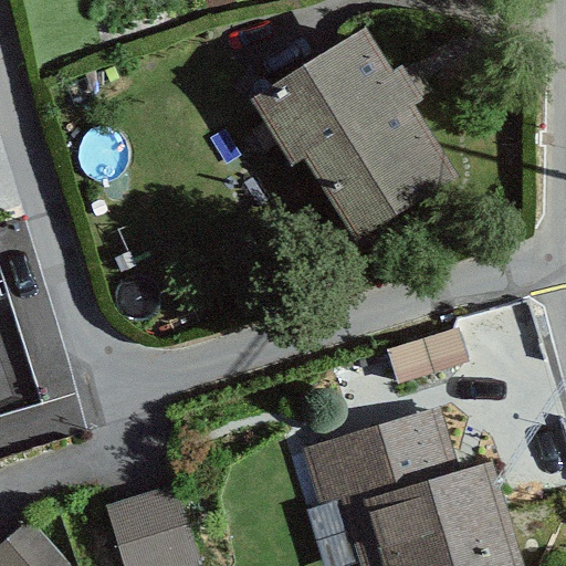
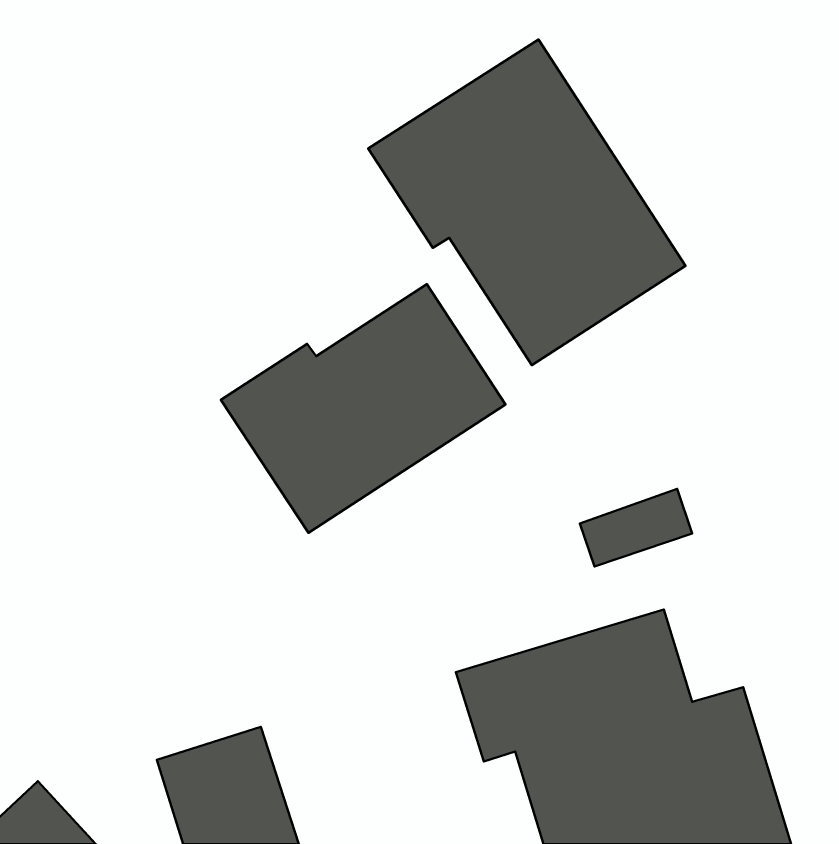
building: none -> [221,284,506,533]

